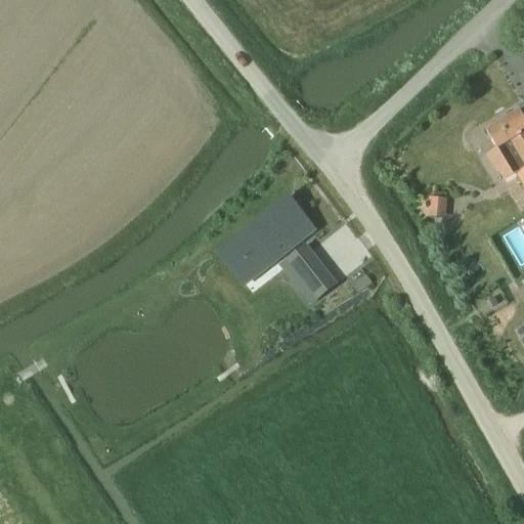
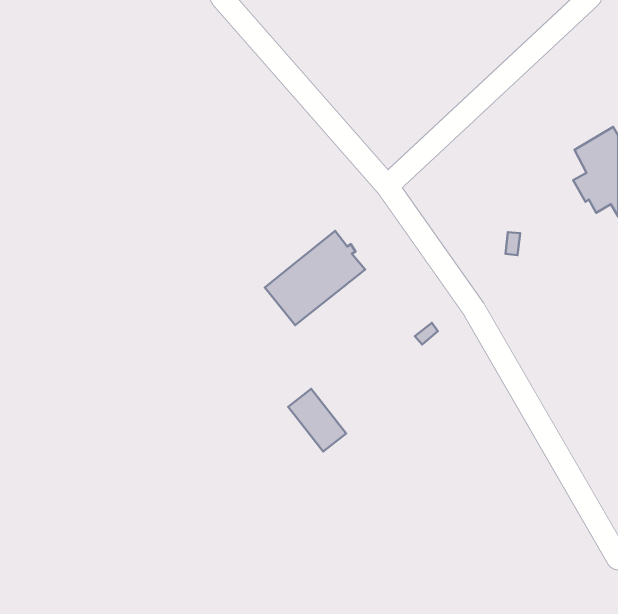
building: [287,244,336,297] -> [288,389,346,452]

